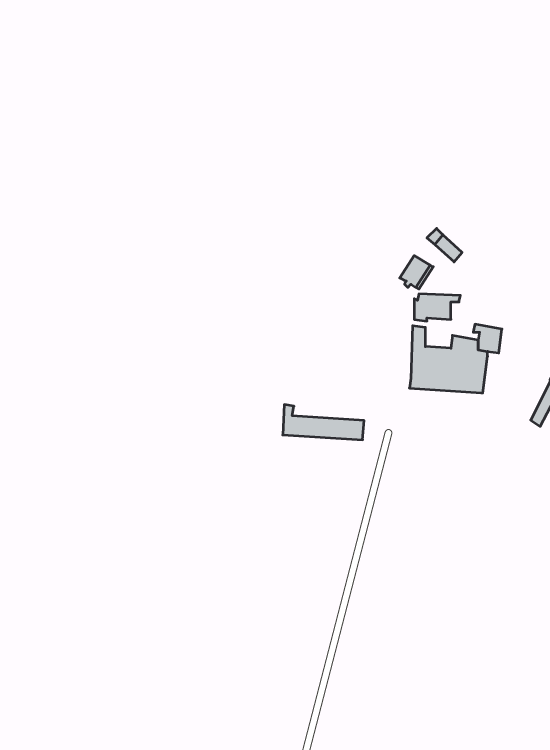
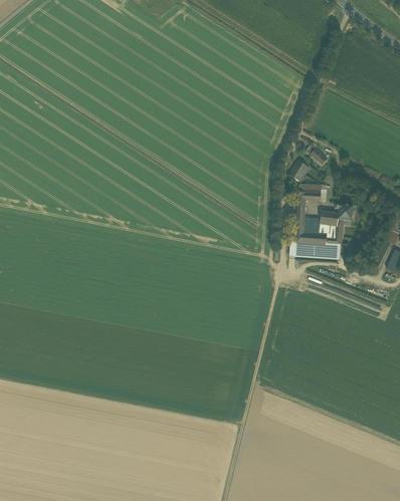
building: [283,405,364,440] -> [289,237,341,259]

